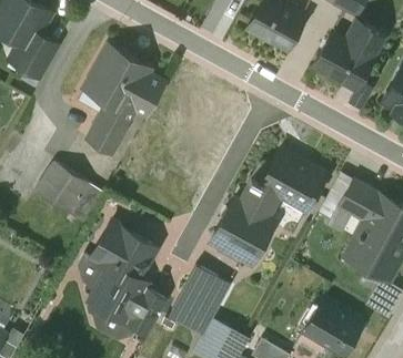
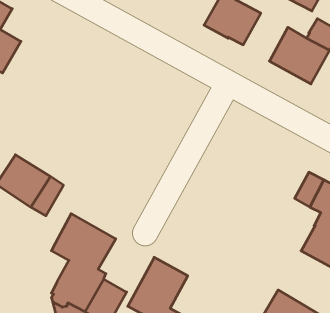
building: [87,45,165,153] -> none
building: [211,149,326,264] -> none
building: [78,253,109,291] -> none

